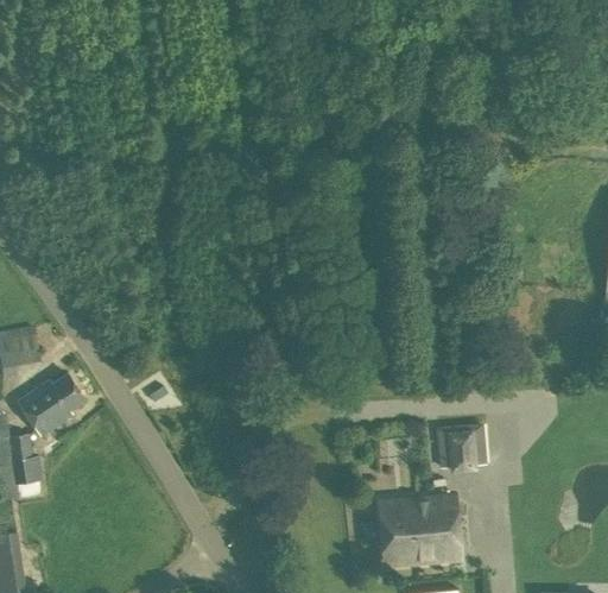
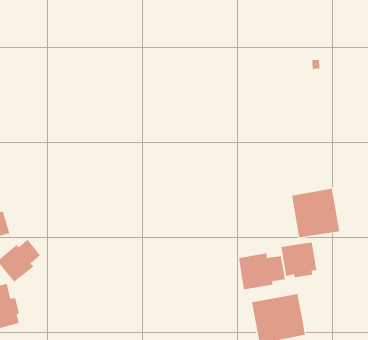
building: none -> [292,188,340,238]
building: none -> [238,253,285,290]

